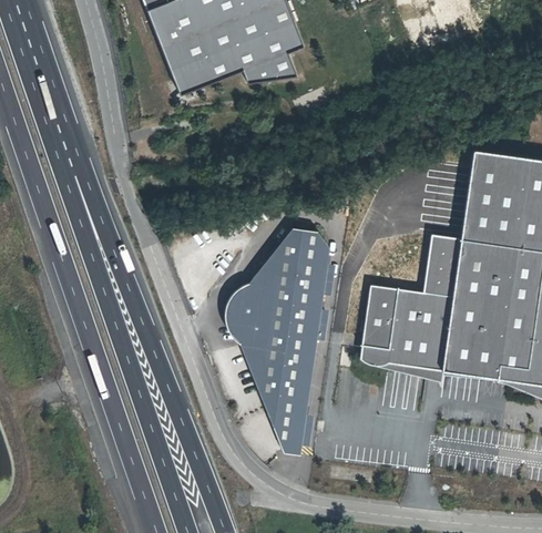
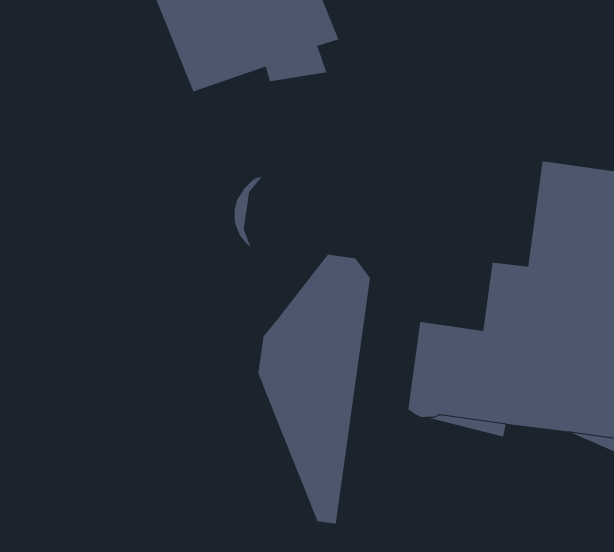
building: [225,283,249,344] -> [234,177,263,249]

